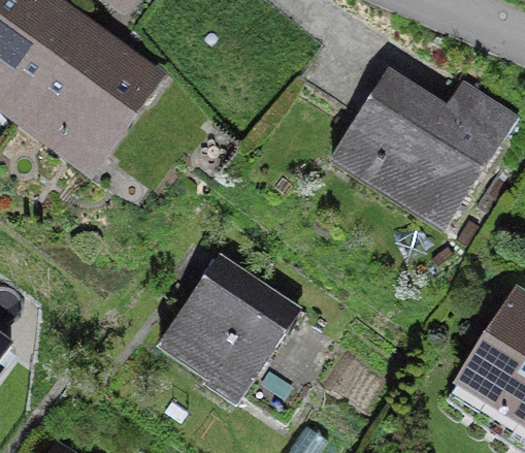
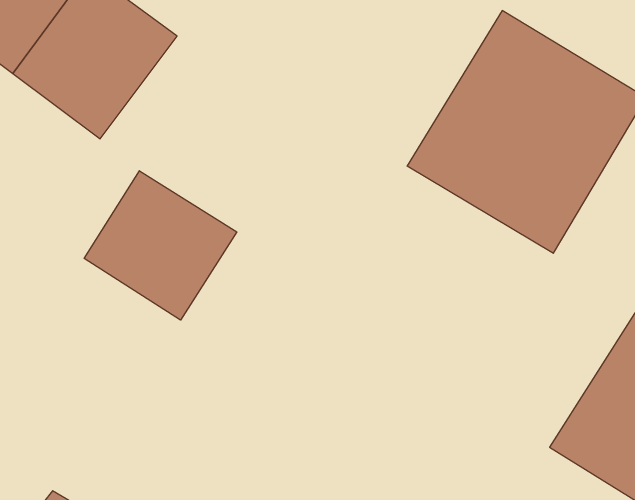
building: none -> [84,171,237,320]
building: [156,251,308,406] -> none

